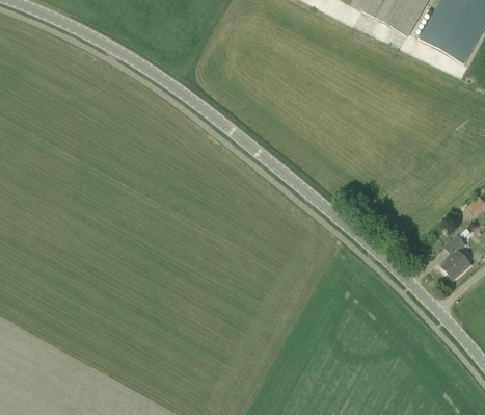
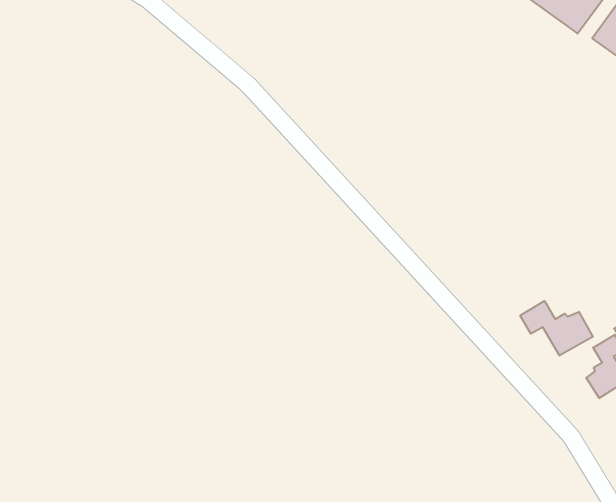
building: none -> [520,301,593,356]

